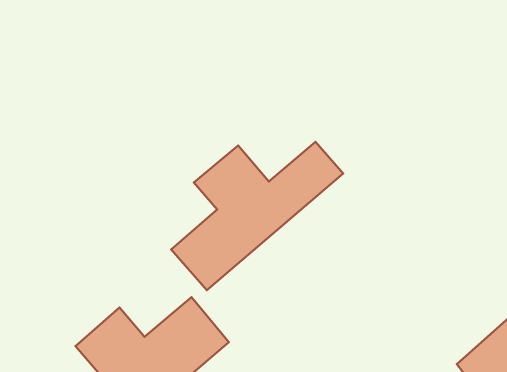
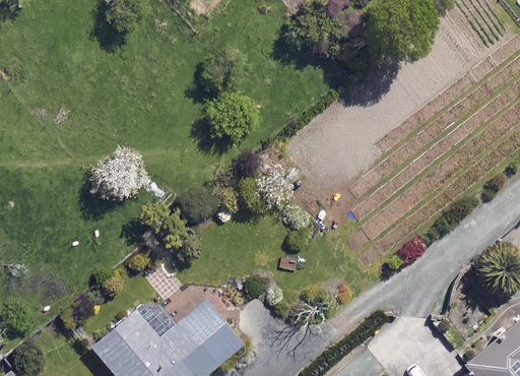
building: [171,142,343,290] -> none

